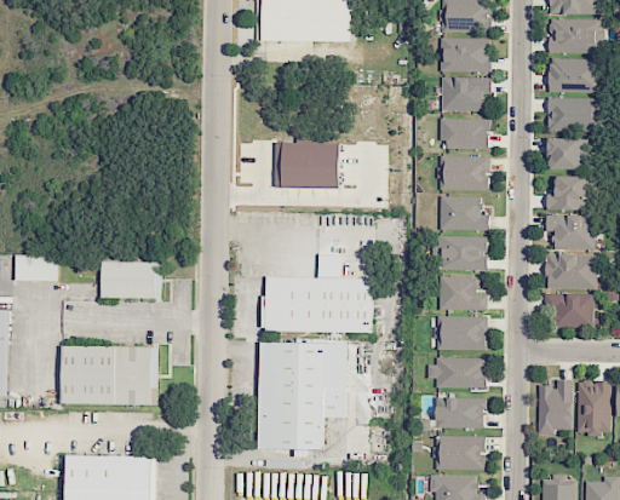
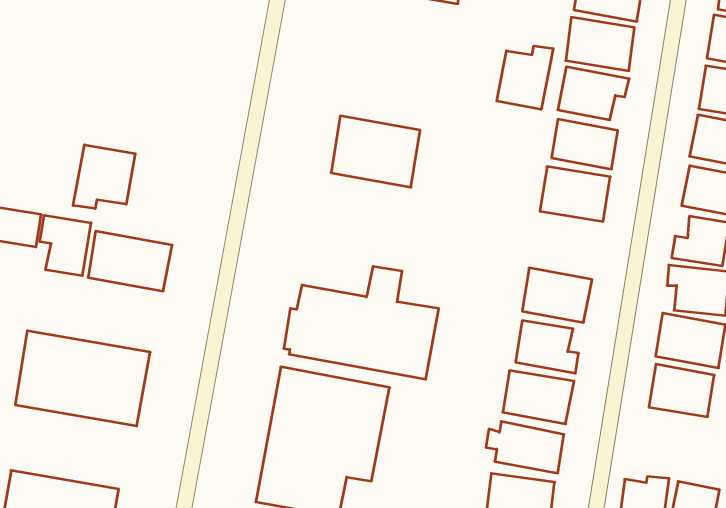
building: none -> [497,46,553,109]
building: [440,195,489,230] -> none
building: none -> [73,145,135,209]
building: none -> [40,215,91,276]

